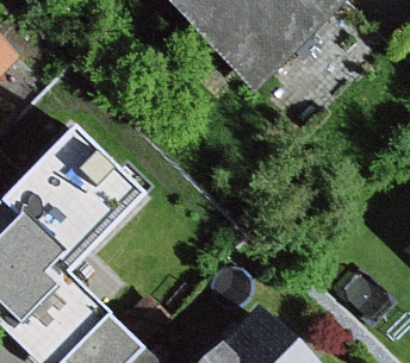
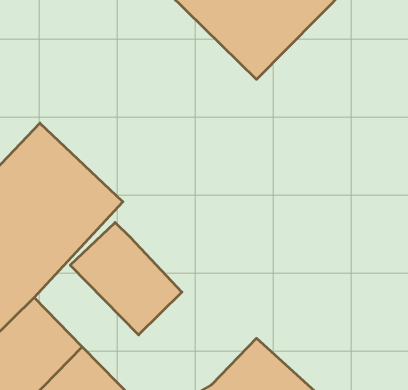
building: none -> [70,222,182,335]

